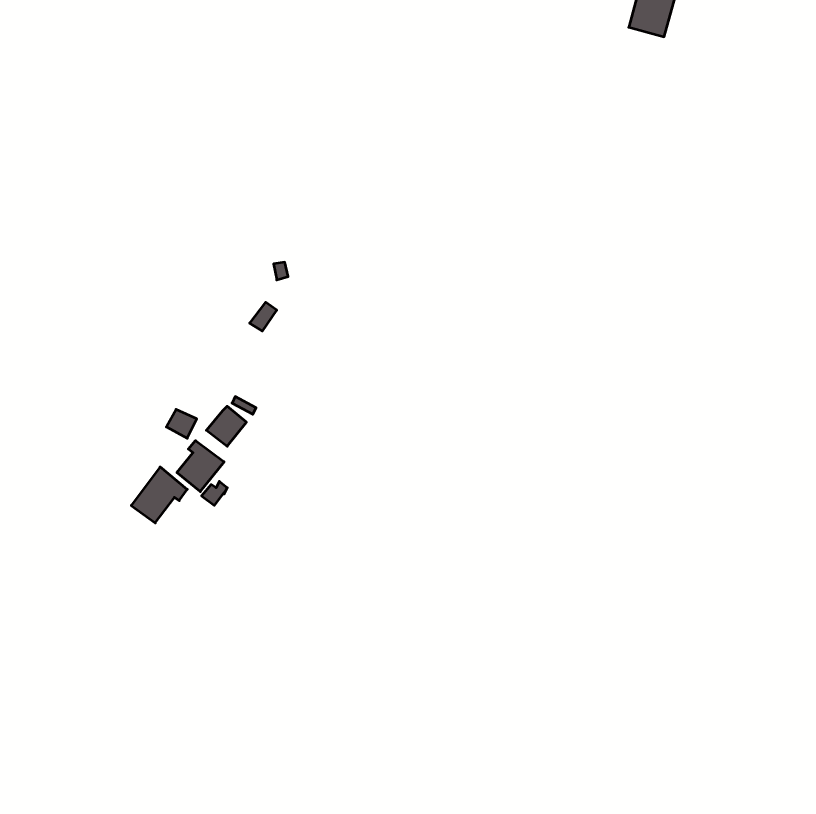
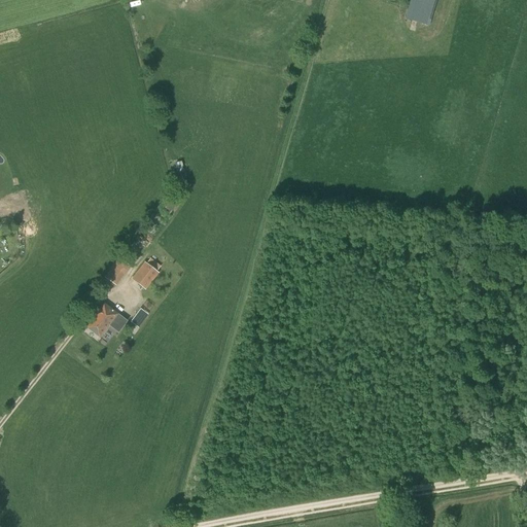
building: [177,441,224,492] -> none

